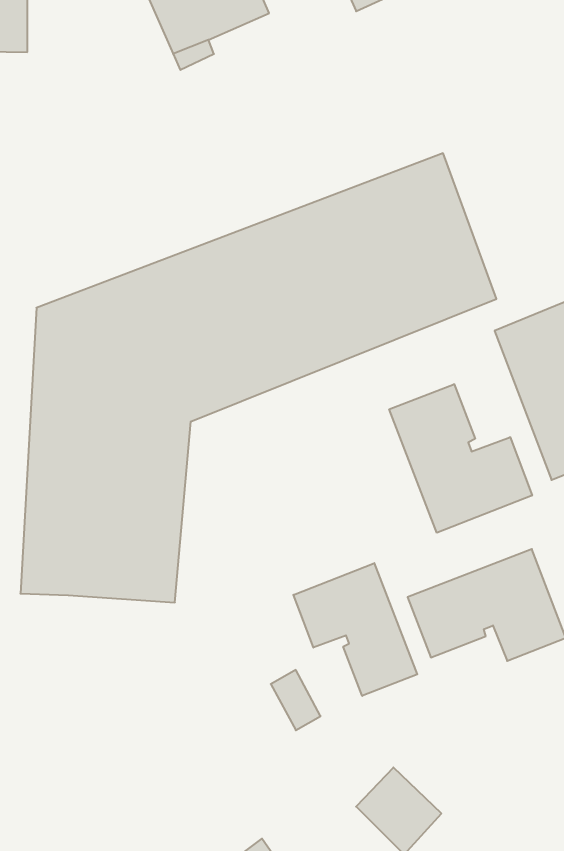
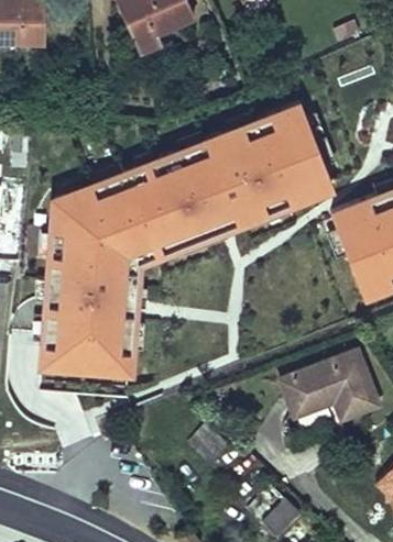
building: [389,384,532,533] -> none
building: [293,563,417,696] -> none

